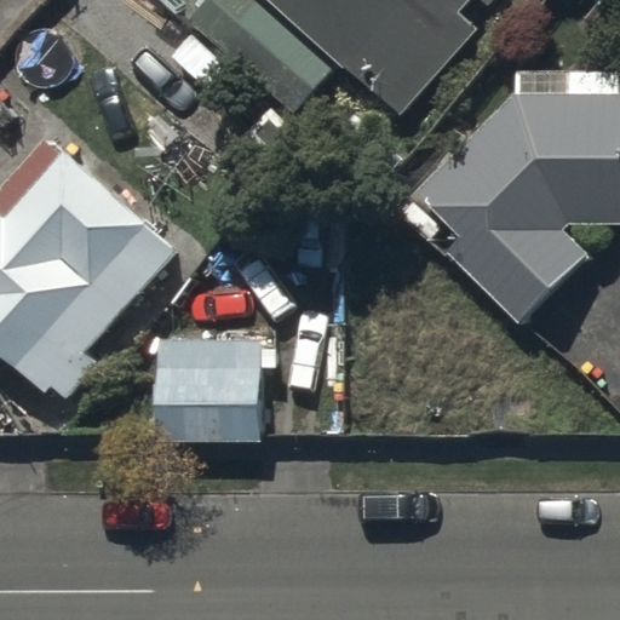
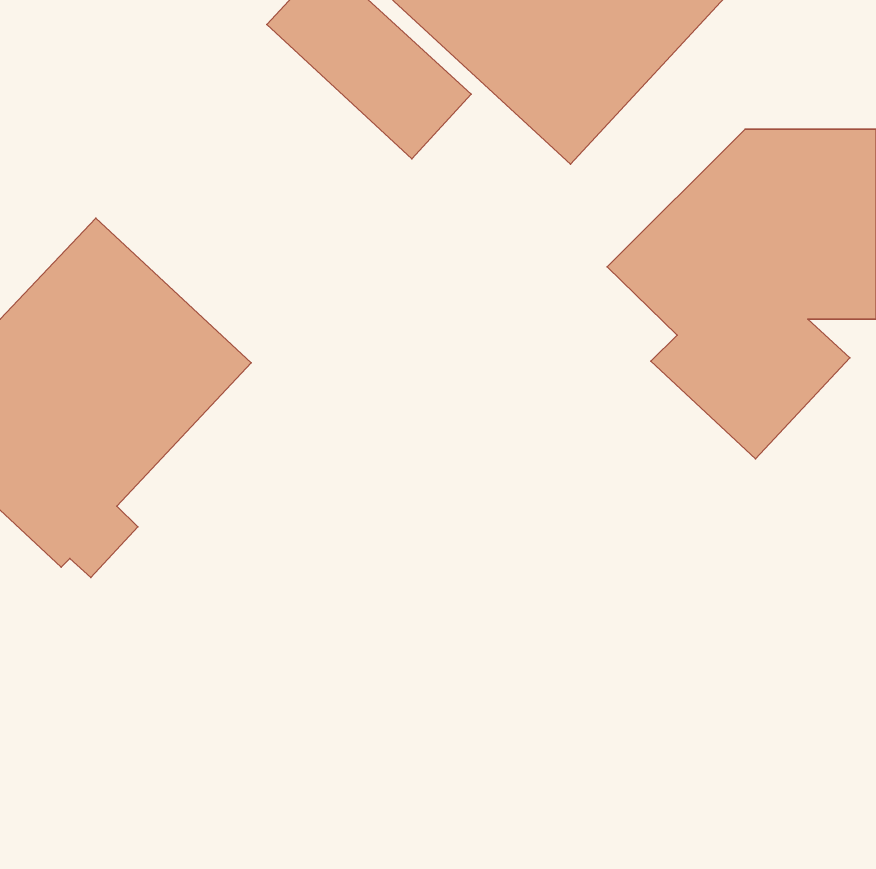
building: [159,340,262,446] -> none

